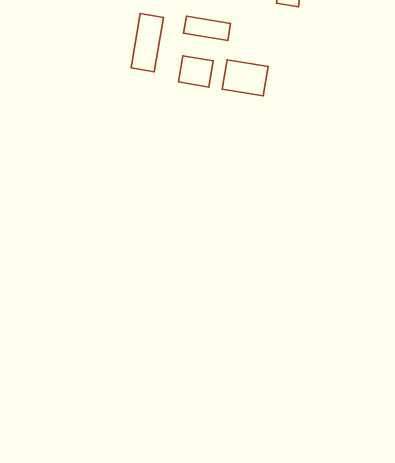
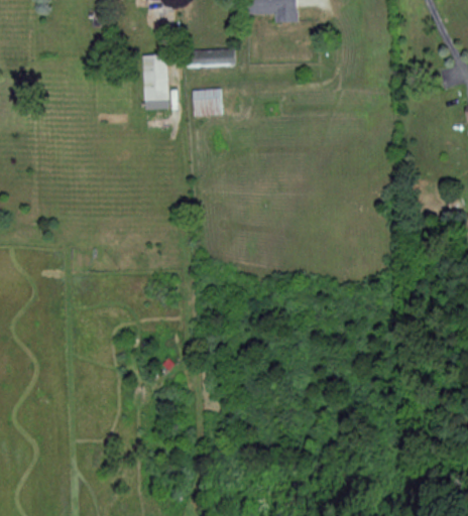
building: [222,60,268,96] -> none

